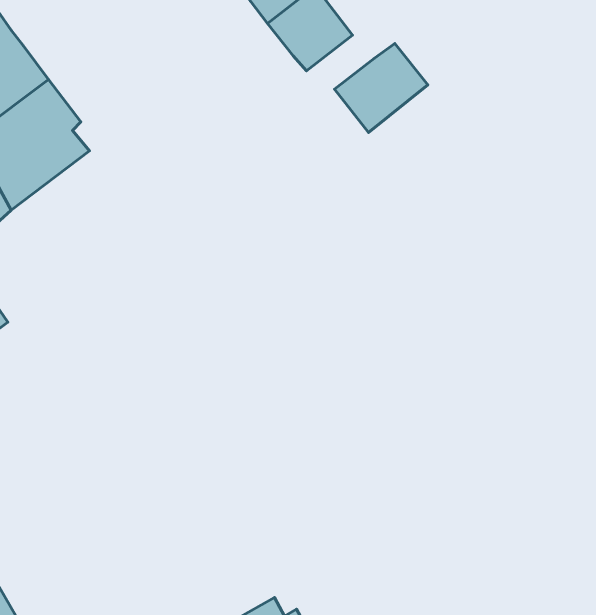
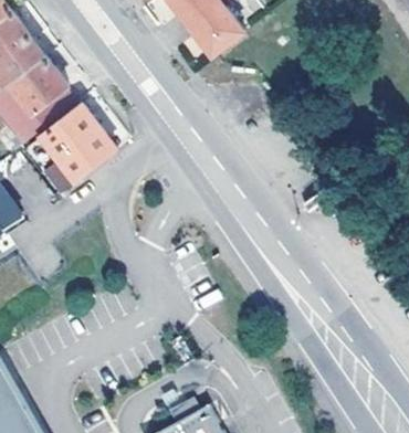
building: [335,43,428,132] -> none
building: none -> [39,105,116,192]

